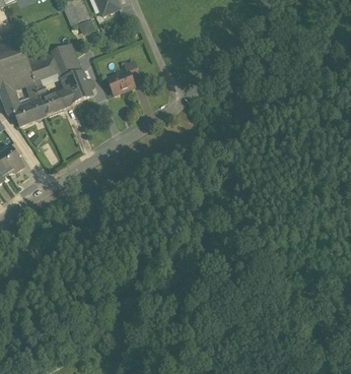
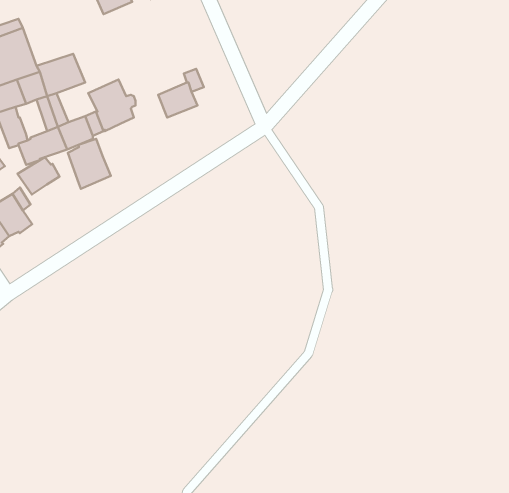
building: [50,43,80,78] -> none
building: none -> [68,139,111,189]
building: none -> [17,157,60,194]

